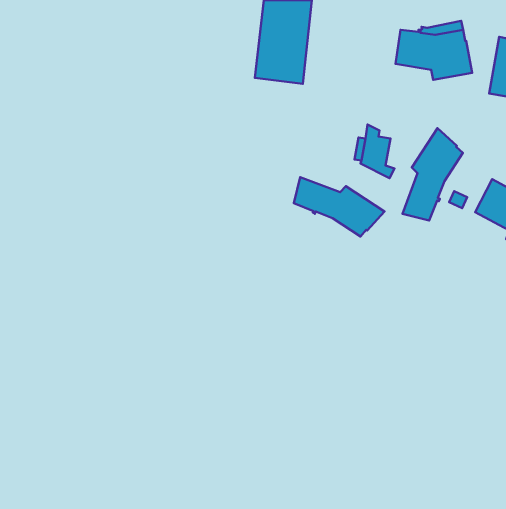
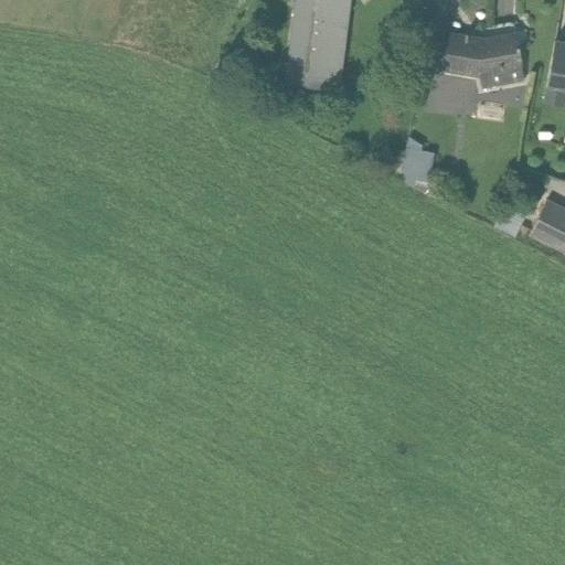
building: [403,128,463,220] -> none
building: [294,177,385,236] -> none

